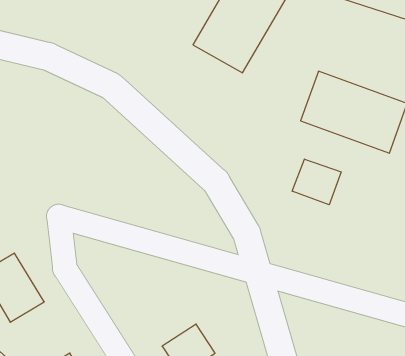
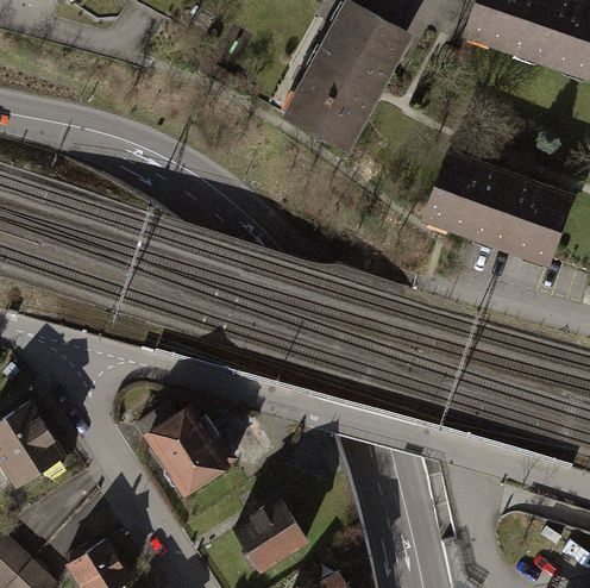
building: [292,159,341,205] -> none
building: none -> [146,408,227,495]

